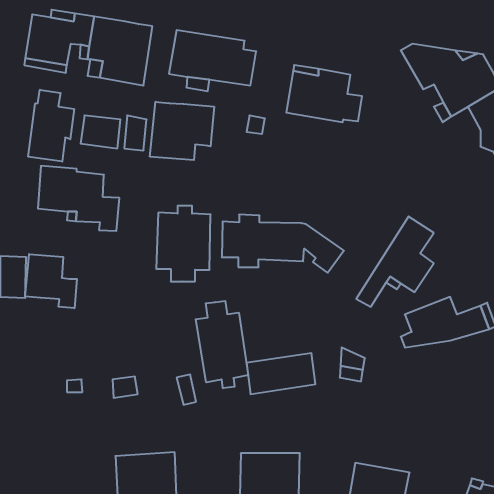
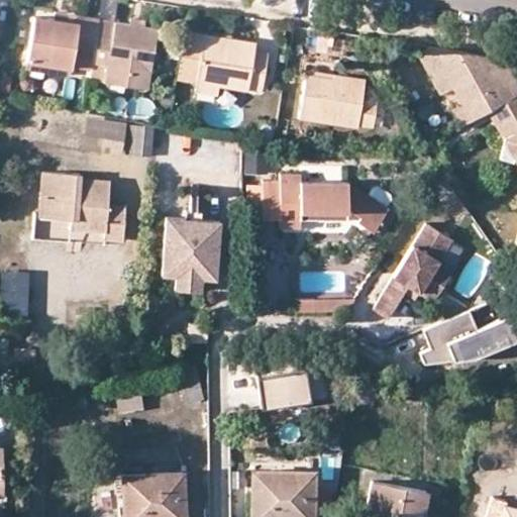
building: [28,90,74,162] -> none
building: [150,102,214,160] -> none
building: [222,215,344,273] -> [263,172,390,232]
building: [25,254,77,308] -> none
building: [196,301,248,388] -> none

